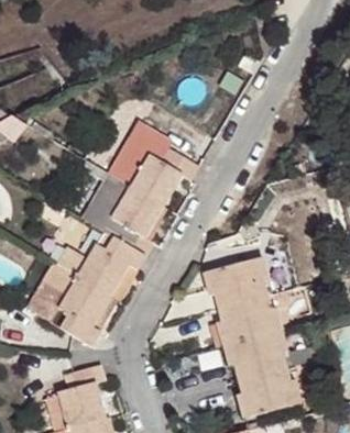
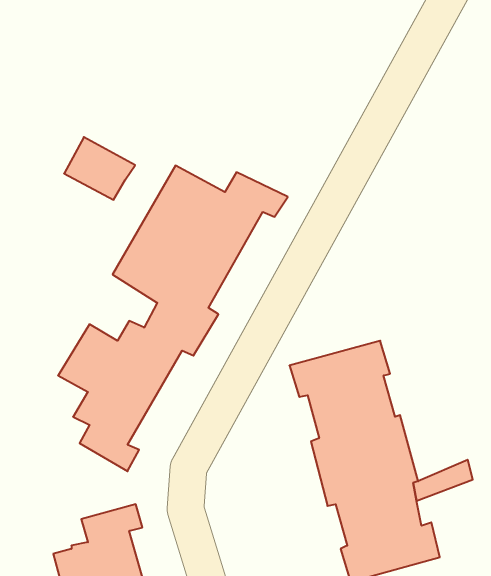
building: [125,116,173,158] -> [64,137,135,200]
building: [30,280,68,325] -> none

